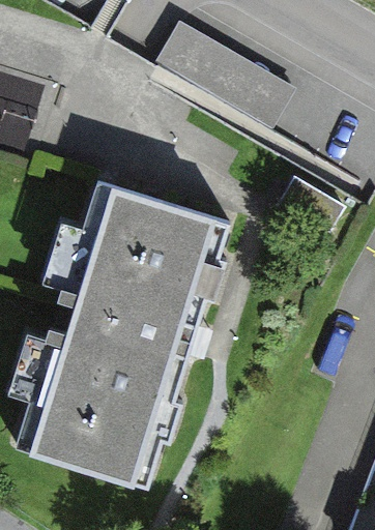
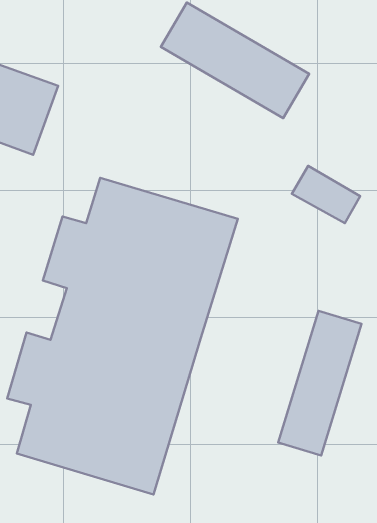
building: none -> [278,311,361,455]

